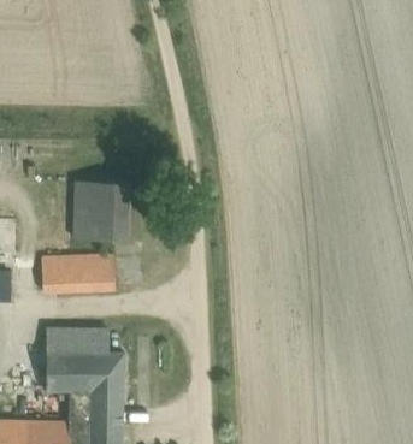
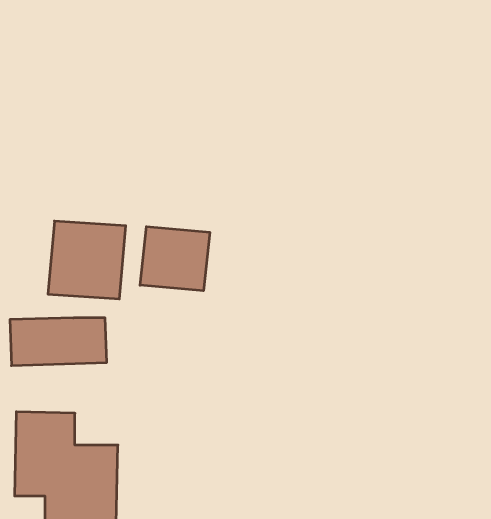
building: none -> [140,227,210,291]

